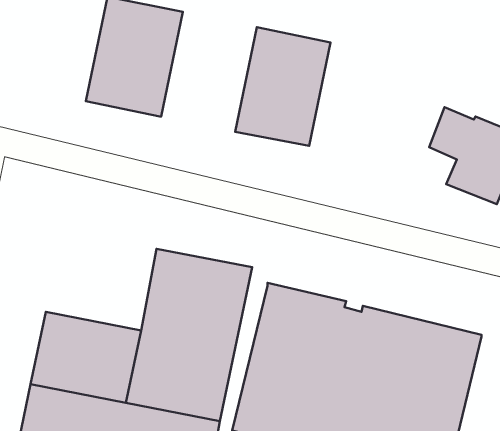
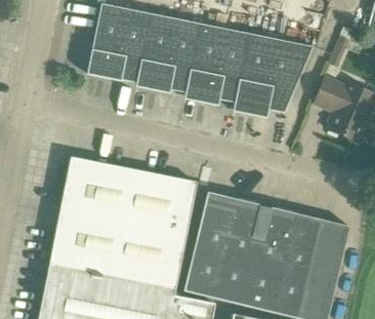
building: none -> [136,12,200,92]
building: none -> [235,33,312,112]
building: none -> [59,157,133,225]

